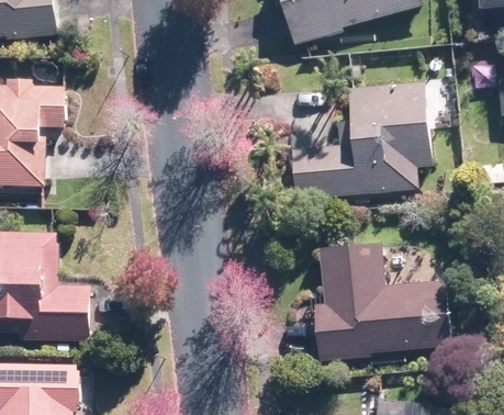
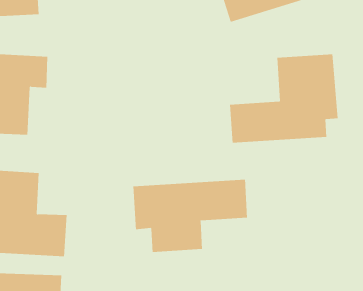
building: none -> [133,179,248,253]
building: [315,244,450,358] -> none

